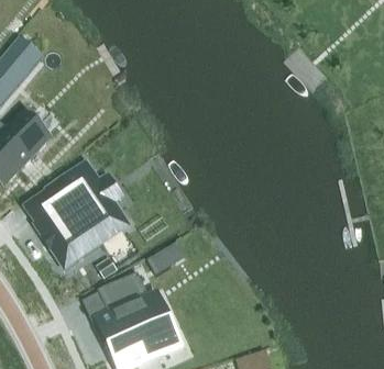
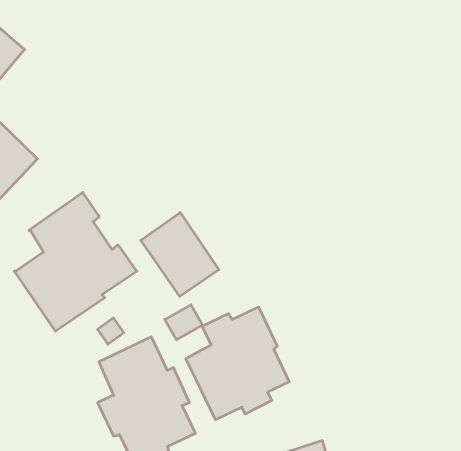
building: none -> [141,212,219,296]
building: none -> [186,307,289,420]

